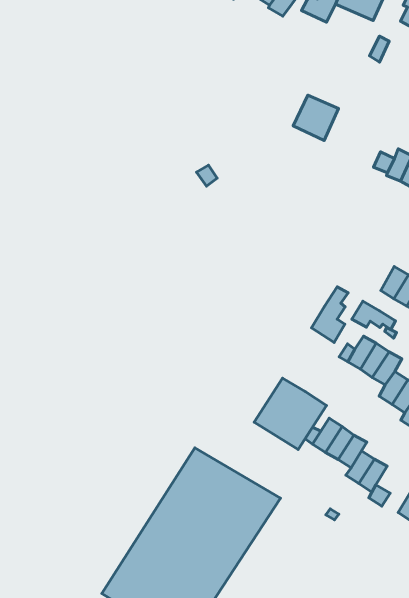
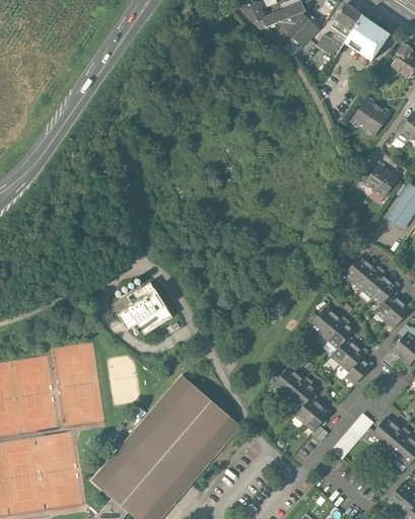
building: [293,95,339,141] -> [351,97,389,135]
building: [311,287,348,342] -> none
building: [352,301,395,330] -> none
building: none -> [120,280,178,333]
building: [254,378,326,450] -> none

